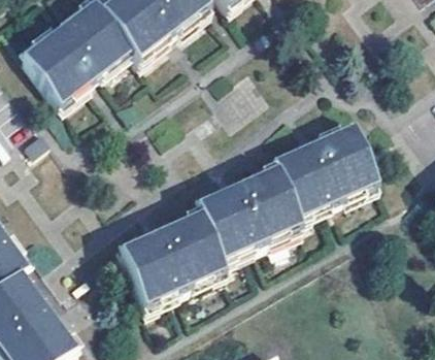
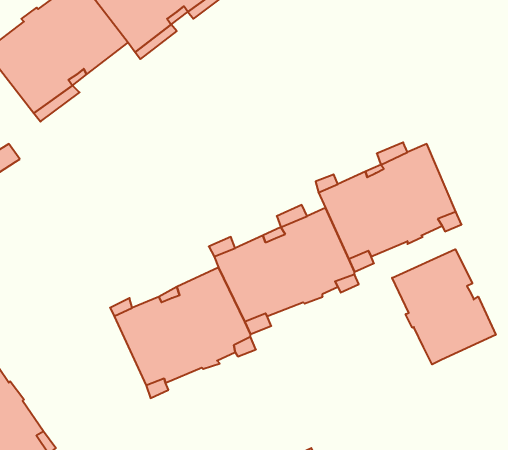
building: none -> [392,249,496,364]

